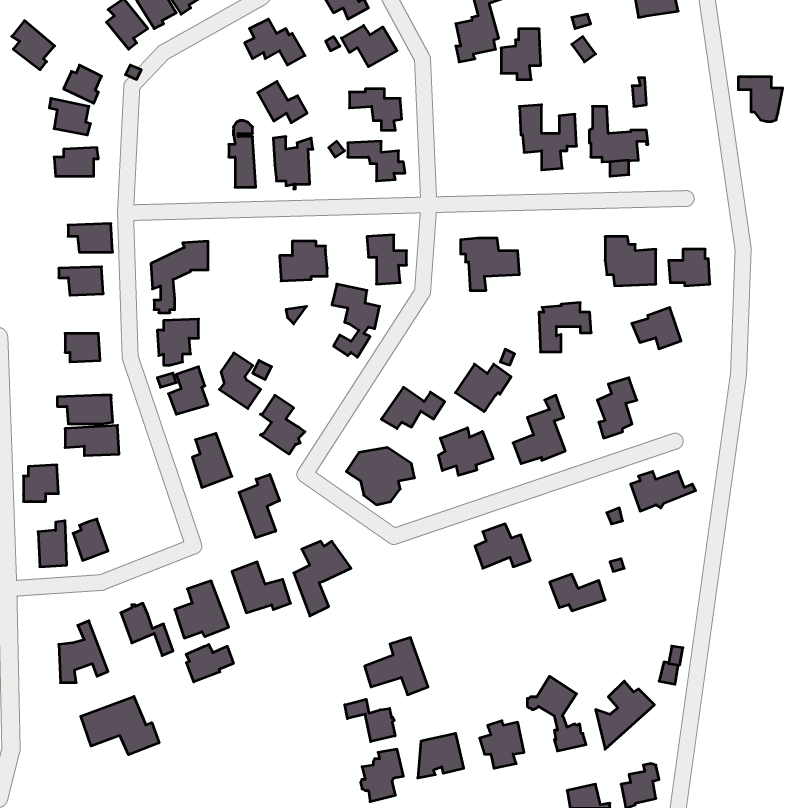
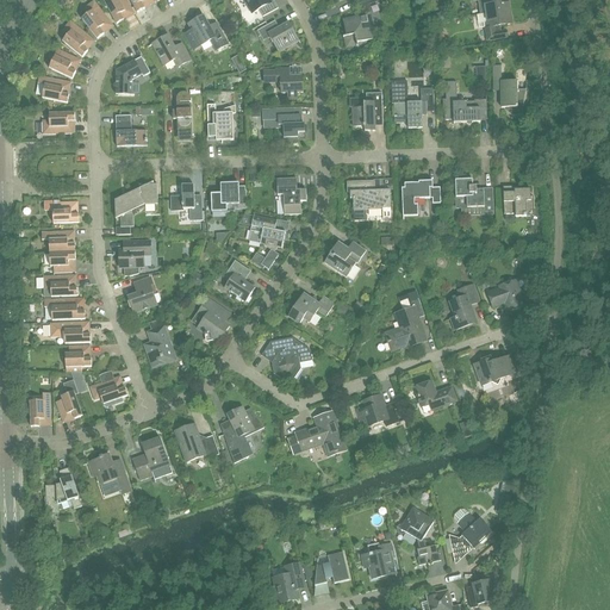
building: none -> [483,8,511,39]
building: [12,21,55,70] -> [60,18,92,55]
building: [501,29,541,80] -> [351,92,381,130]
building: none -> [114,55,149,93]
building: [738,77,783,121] -> [491,80,524,113]
building: [258,81,307,123] -> [151,33,188,64]
building: none -> [114,113,145,145]
building: [68,224,113,252] -> [41,229,74,250]
building: none -> [169,182,201,219]
building: [539,303,591,352] -> [400,179,440,216]
building: [632,308,681,349] -> [486,279,523,310]
building: [219,353,261,409] -> [223,259,254,300]
building: none -> [42,273,75,295]
building: [455,364,511,412] -> [323,239,365,275]
building: [438,428,493,475] -> none
building: [23,465,58,501] -> [64,343,91,371]
building: [239,474,280,538] -> none
building: none -> [88,374,126,403]
building: [550,574,605,611] -> [413,380,455,407]
building: [365,638,428,695] -> [295,411,343,454]
building: [186,644,233,682] -> none
building: [81,696,159,755] -> none
building: [345,699,395,742] -> none

